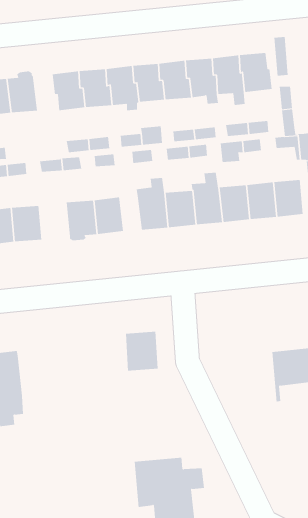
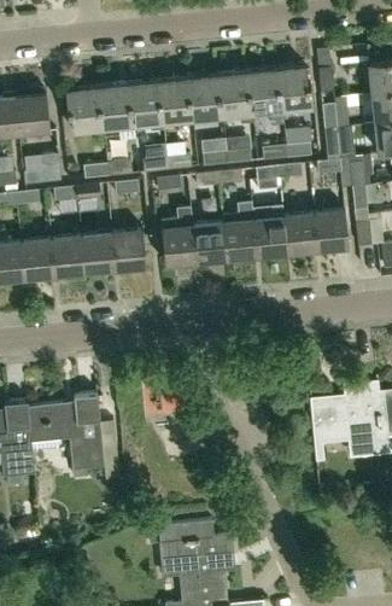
building: none -> [23,153,60,185]
building: none -> [52,234,86,276]
building: none -> [29,395,104,468]

